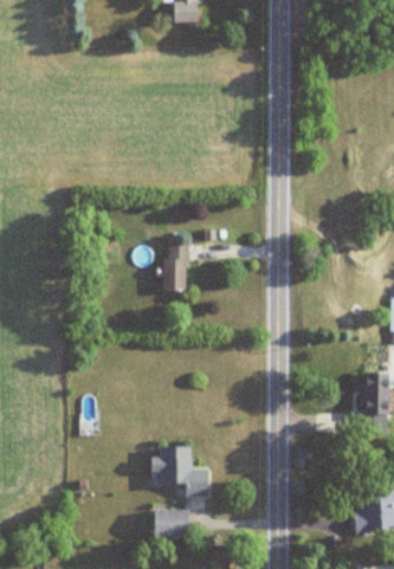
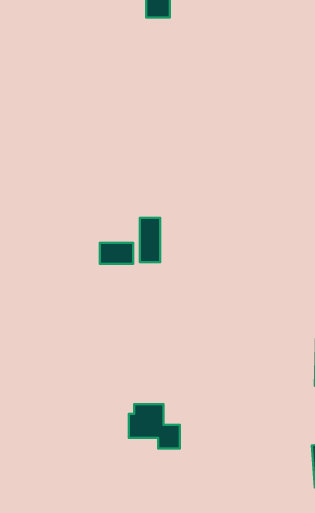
building: none -> [100,243,133,264]
building: [154,509,188,538] -> none

